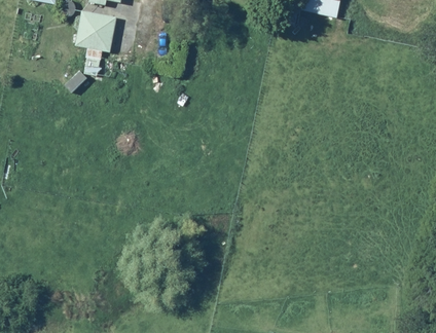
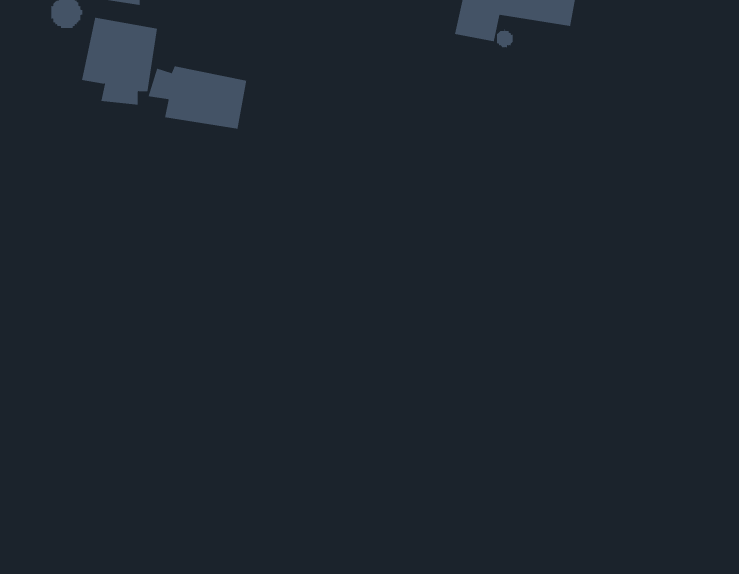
building: none -> [148,66,247,130]

